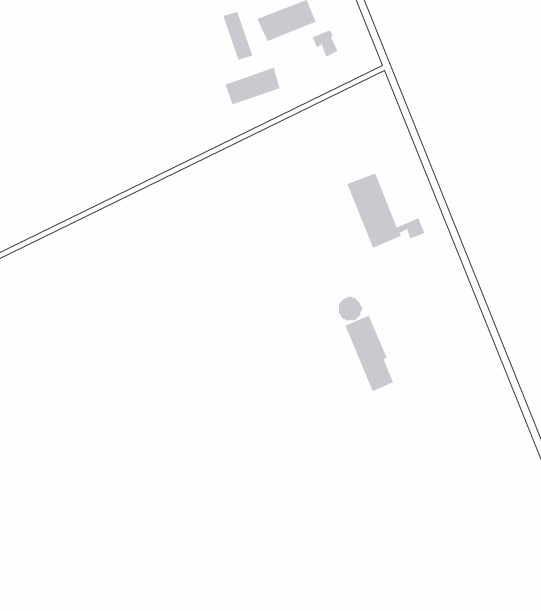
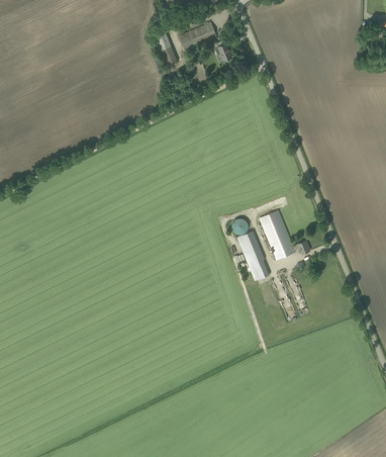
building: [225,67,280,105] -> none
building: [346,173,425,248] -> [260,210,311,260]

